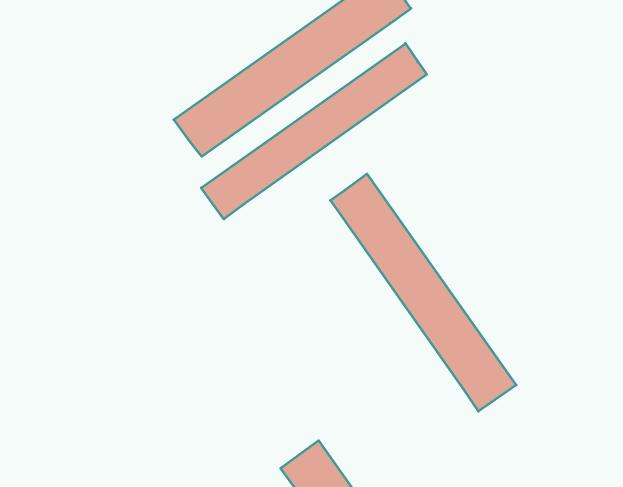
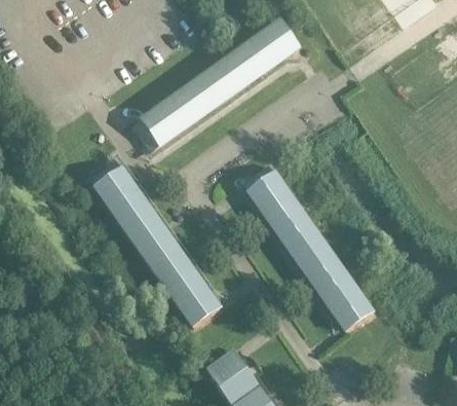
building: [201,43,427,219] -> none
building: none -> [89,159,220,325]

